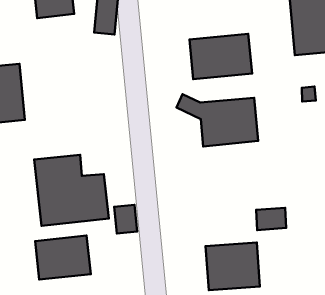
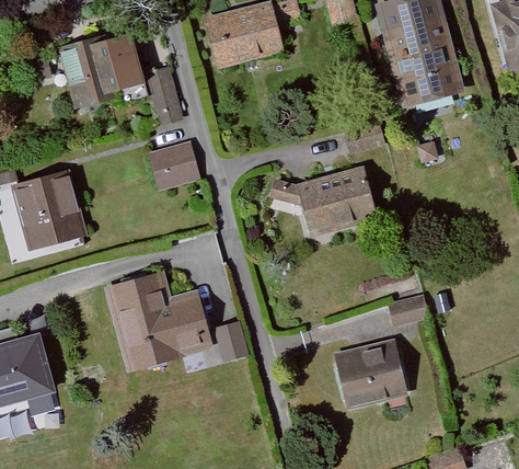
building: [189,34,252,79] -> none
building: none -> [146,140,199,191]
building: [35,236,91,280] -> none

